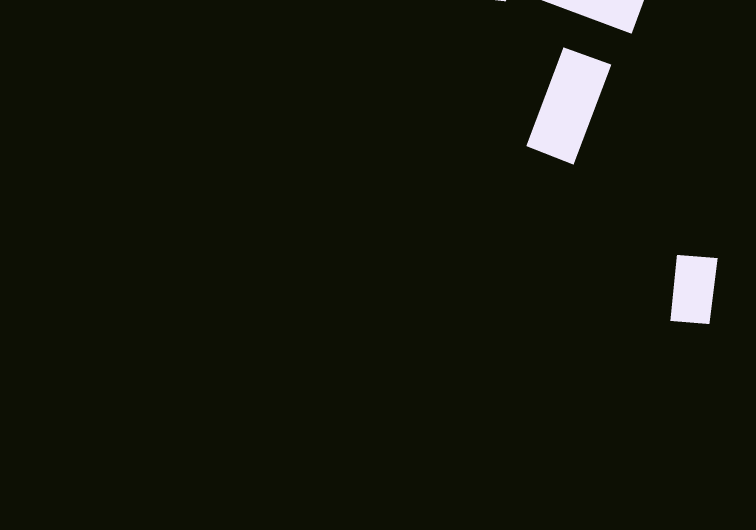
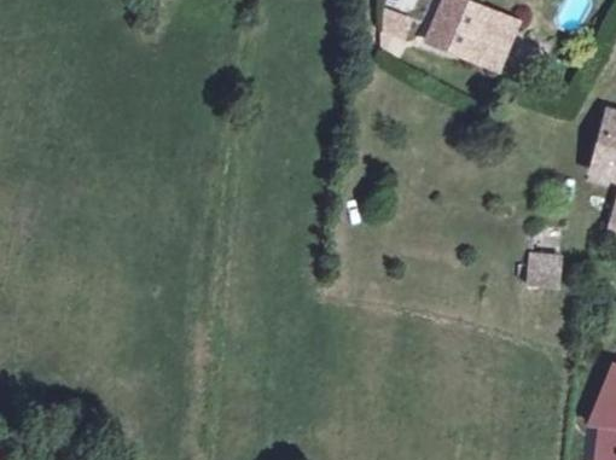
building: [526,47,612,166] -> none

